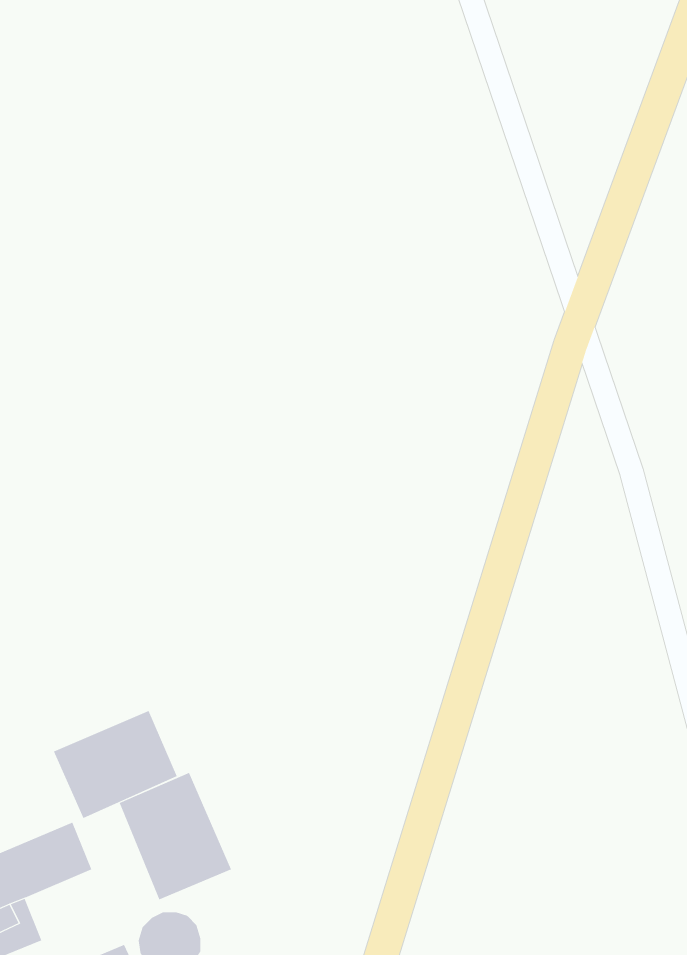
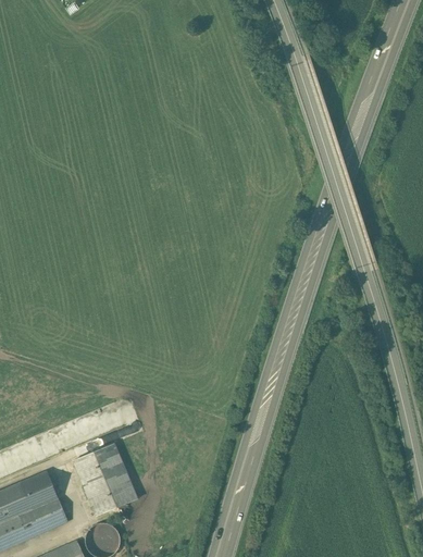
building: [53,710,177,819] -> none
building: none -> [20,498,67,539]

